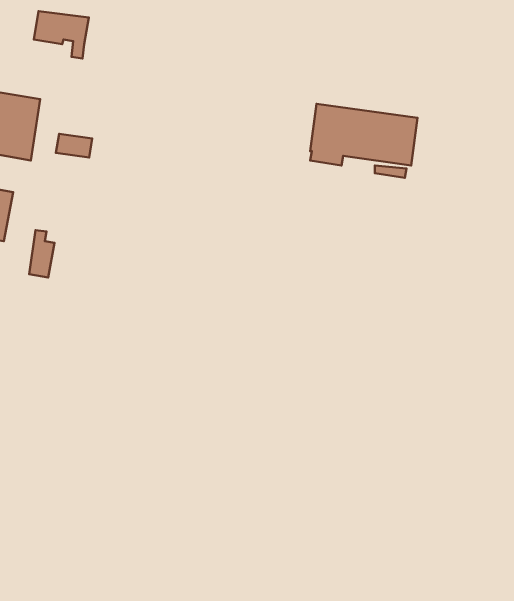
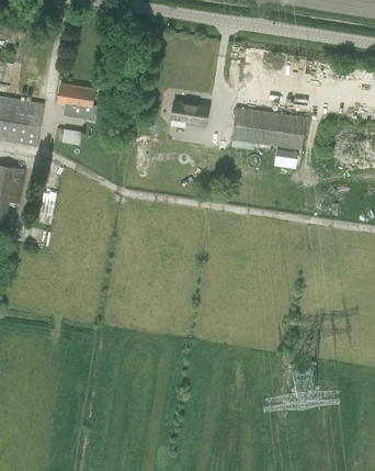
building: [34,11,89,58] -> [56,83,94,116]
building: none -> [170,100,207,126]

